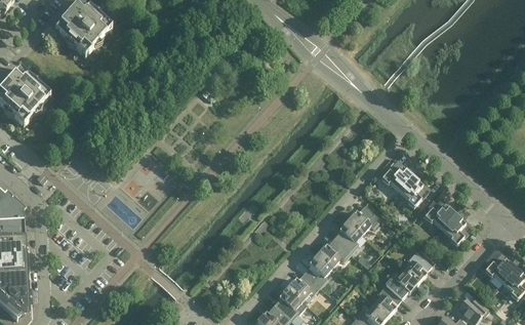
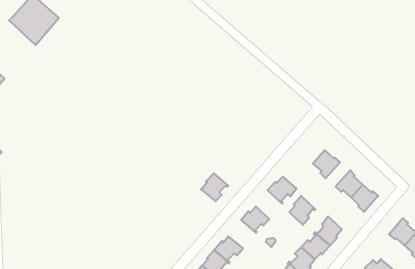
building: [380,159,411,190] -> none
building: [333,219,363,252] -> [289,196,316,225]
building: [302,253,333,285] -> [201,173,228,201]

